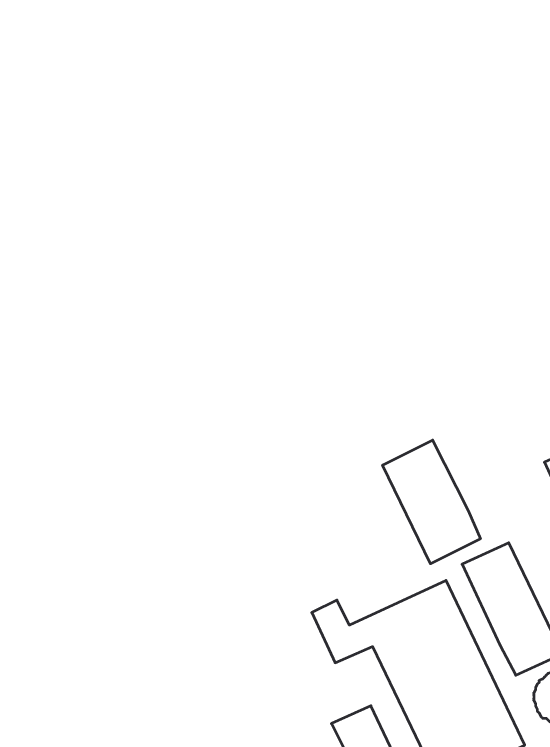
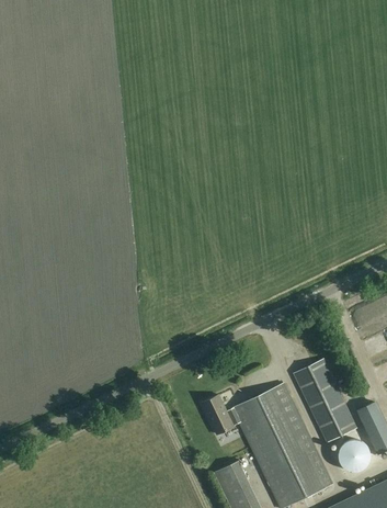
building: [383,440,480,564] -> none

